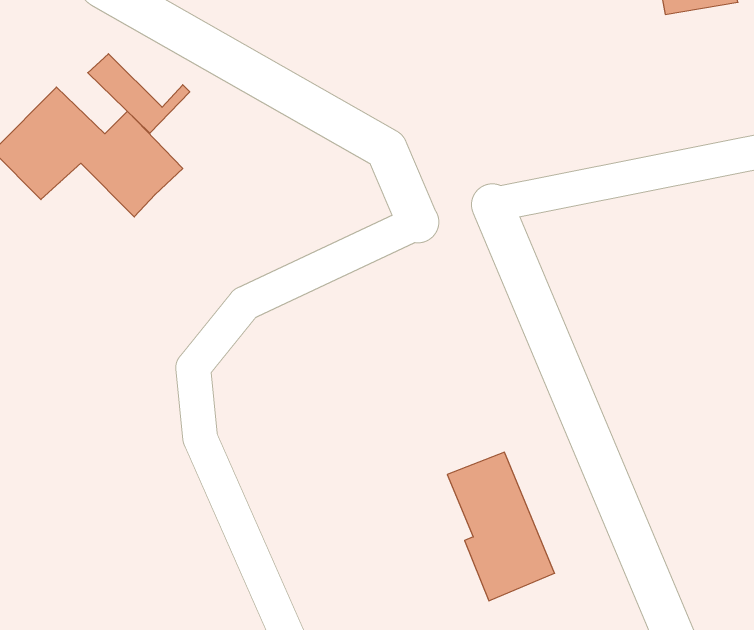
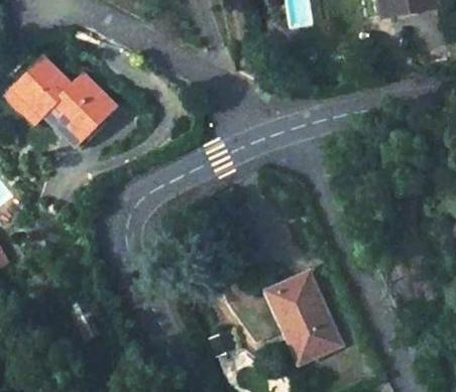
building: [88,54,190,133] -> [45,103,105,149]

